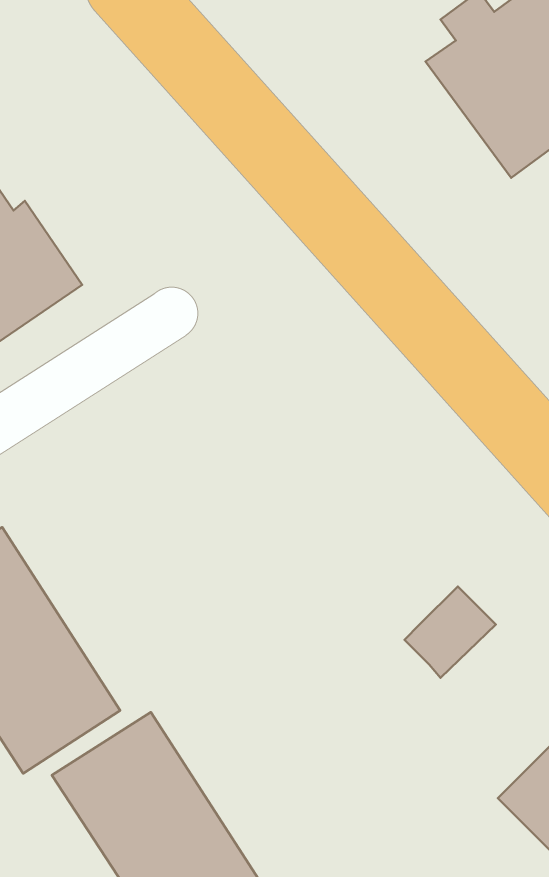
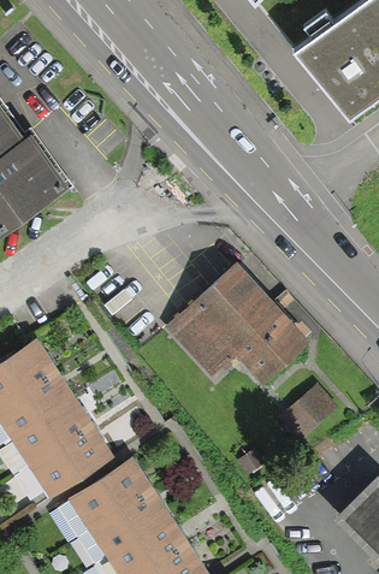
building: none -> [166,254,313,375]

